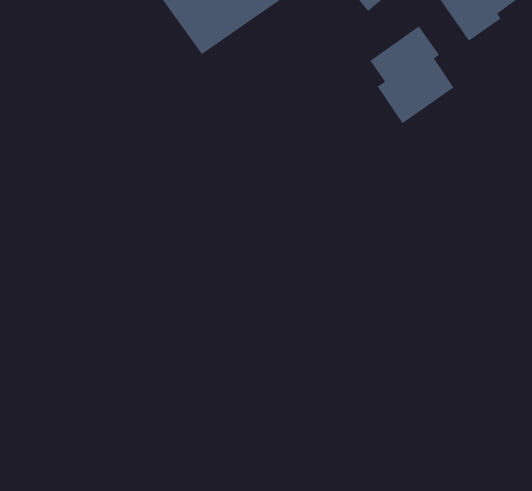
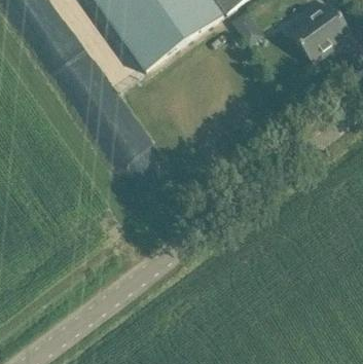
building: [370,25,454,124] -> none

